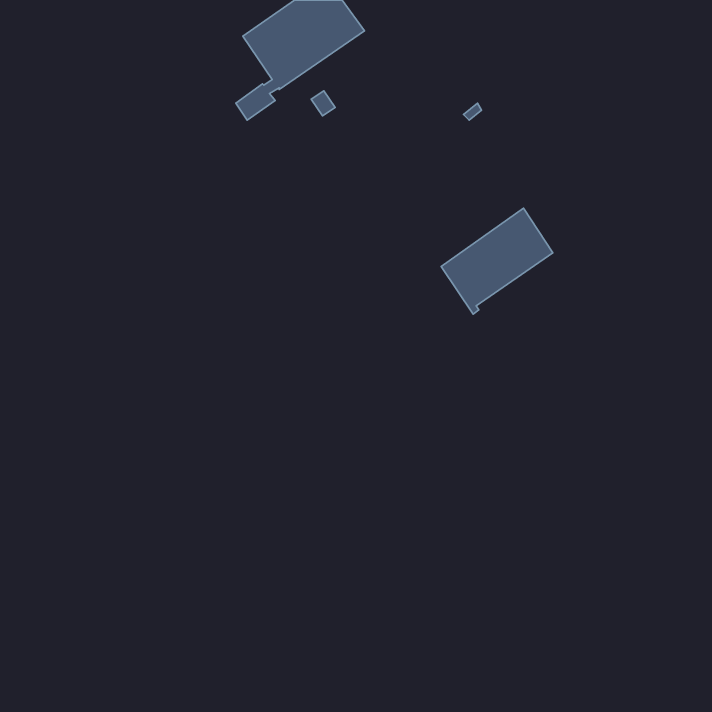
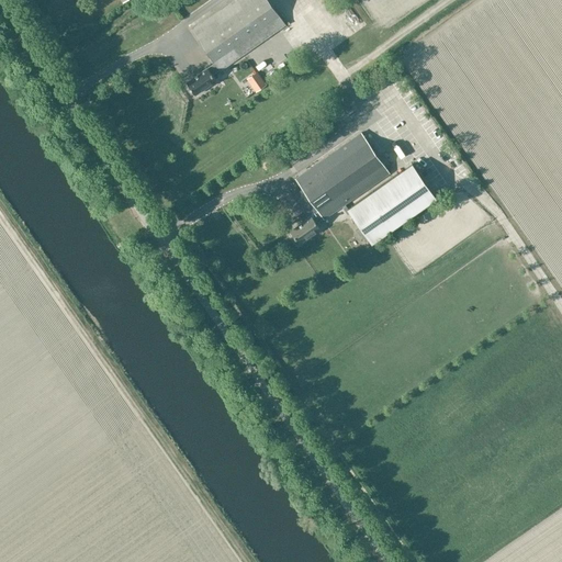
building: none -> [290,132,390,244]

